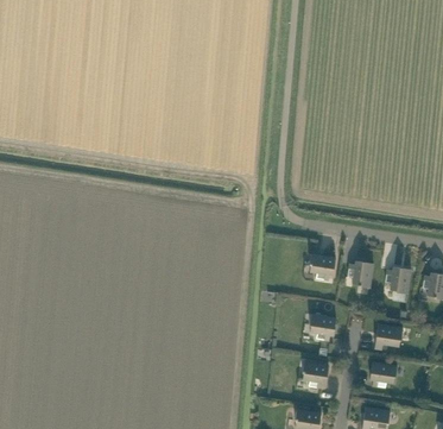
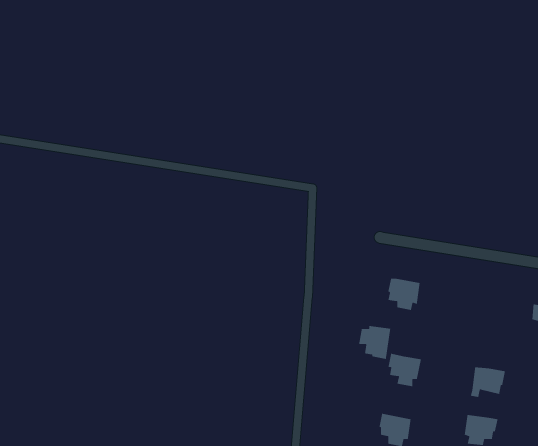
building: [347,261,373,289] -> [358,325,391,360]
building: [385,266,411,295] -> none

